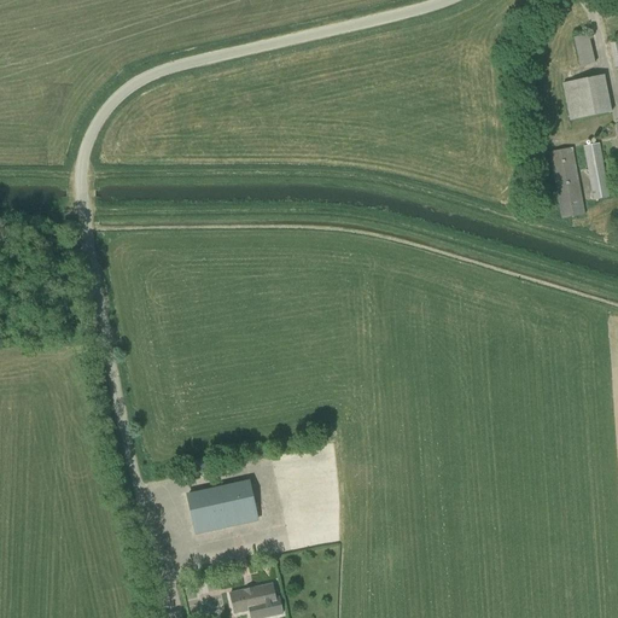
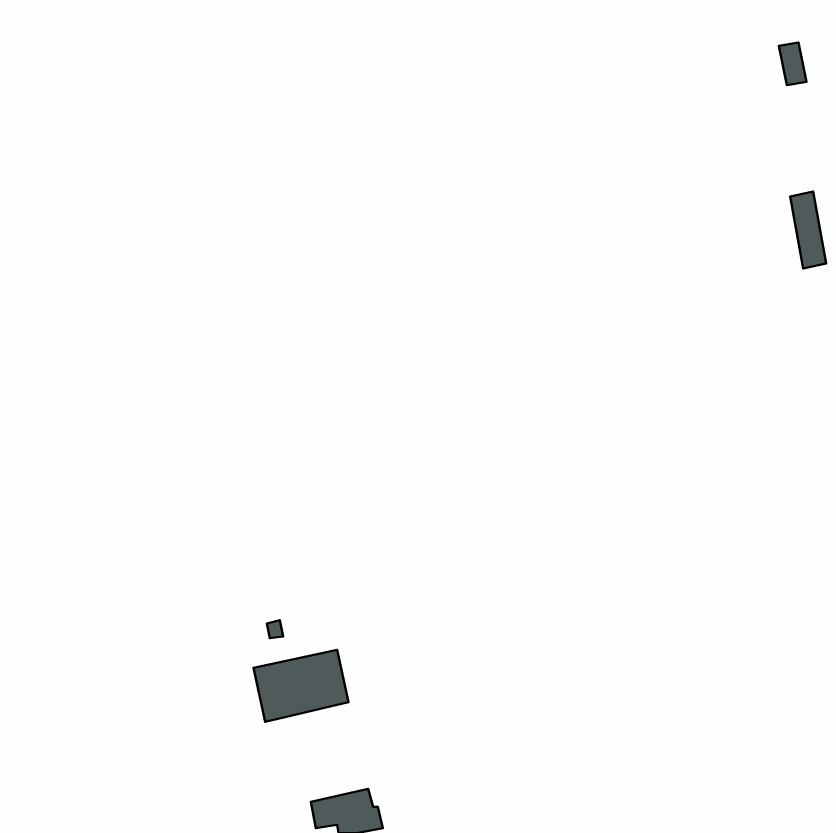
building: [562,75,612,118] -> none
building: [549,146,584,217] -> none

